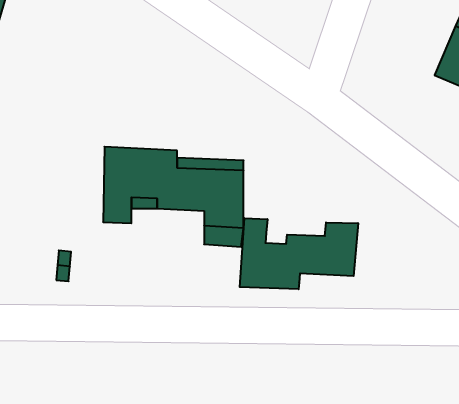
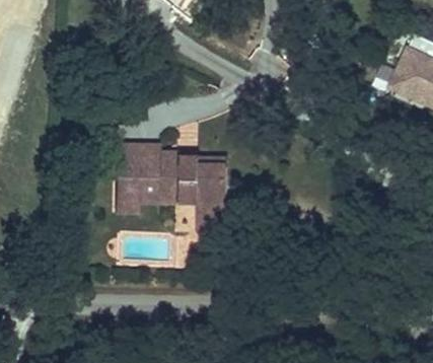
building: [240,218,358,289] -> none

